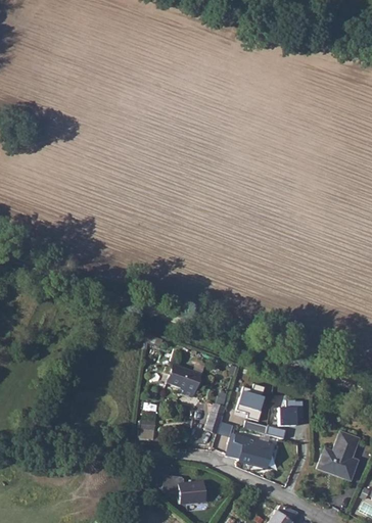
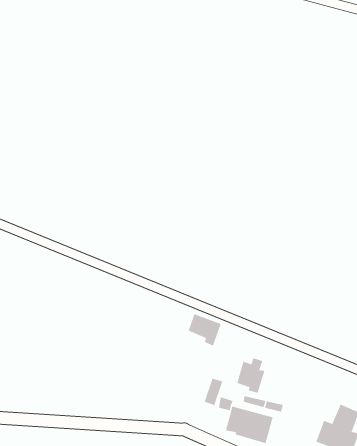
building: [166,364,199,396] -> [188,314,222,346]
building: [278,399,301,426] -> none
building: [138,403,157,440] -> none

